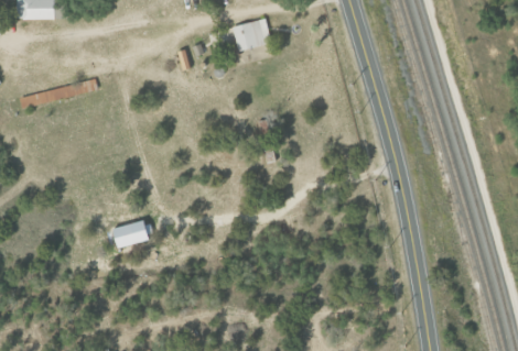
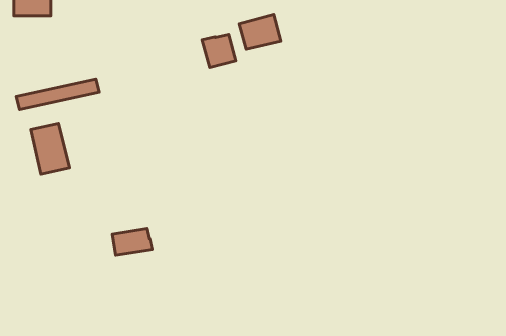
building: none -> [202,35,236,68]
building: none -> [31,124,69,174]

